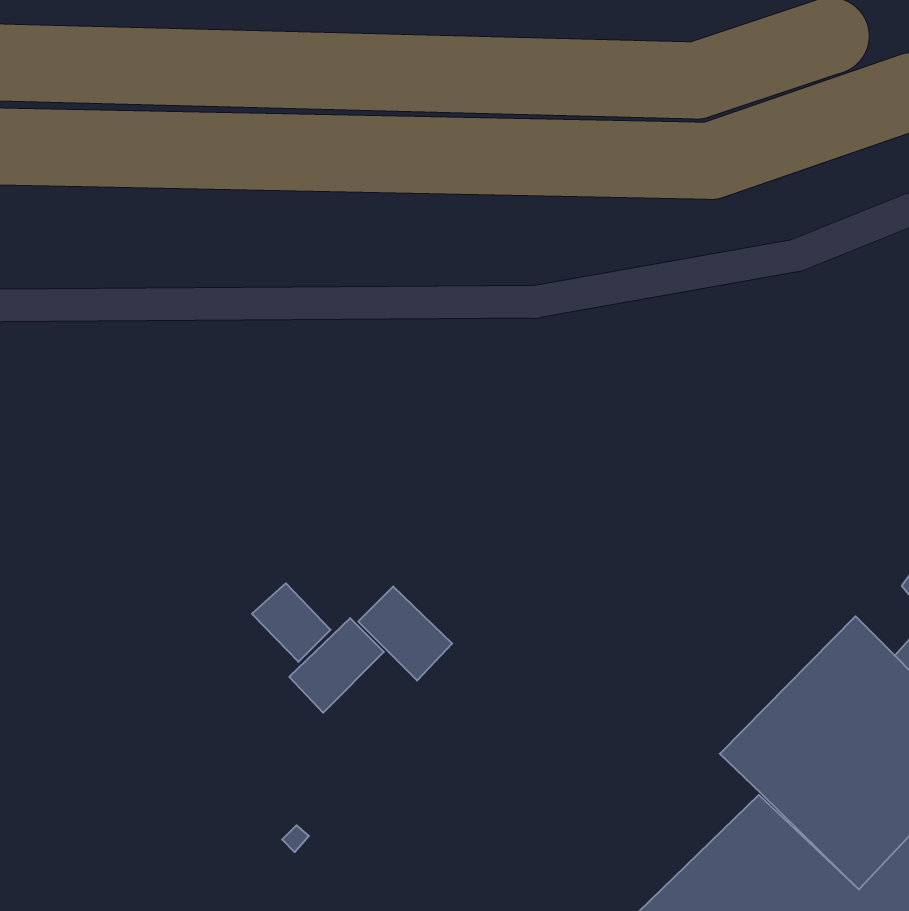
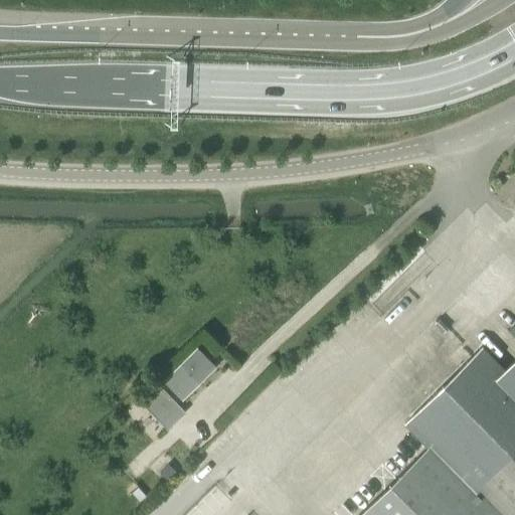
building: [252,583,331,662] -> [143,387,187,432]
building: [358,586,452,681] -> none

